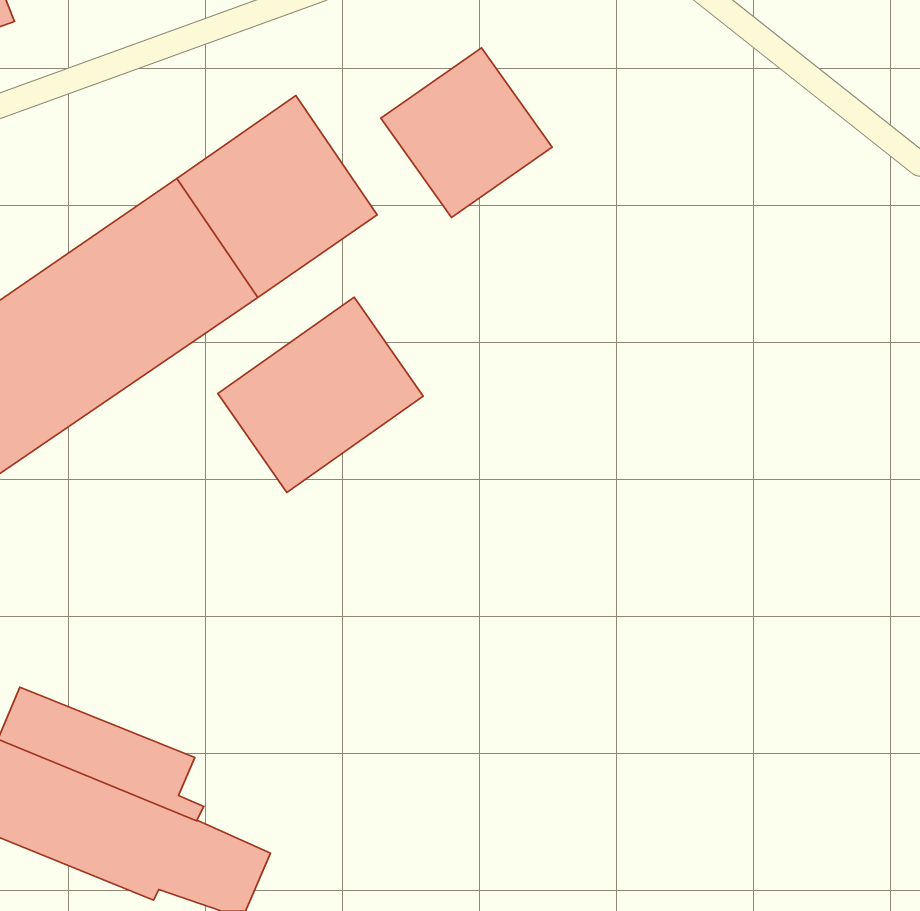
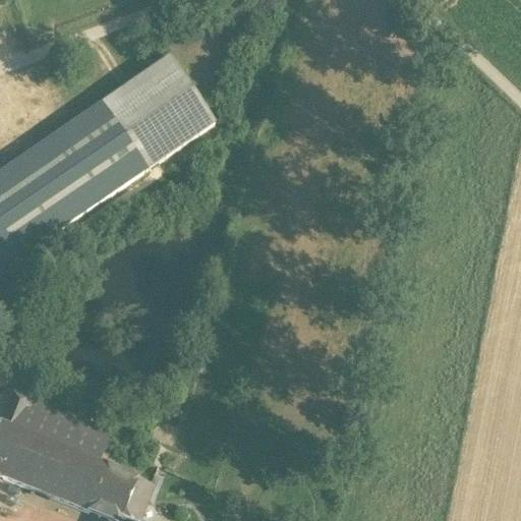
building: [381,48,552,217] -> none
building: [218,297,423,492] -> none

